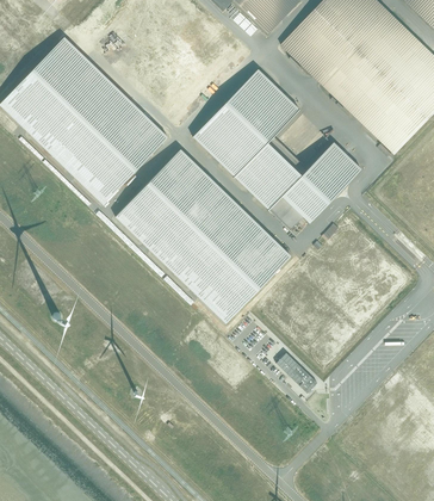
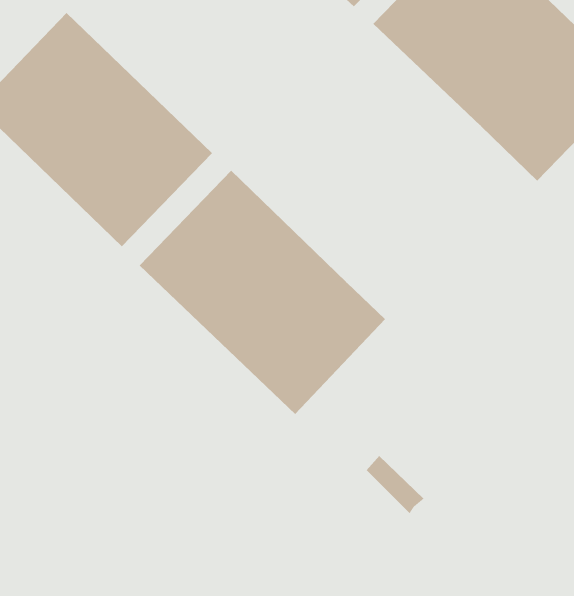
building: [192,69,360,230] -> none

